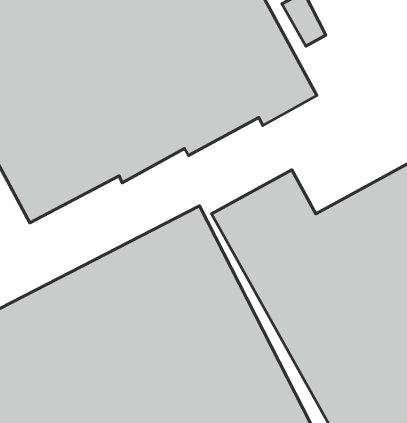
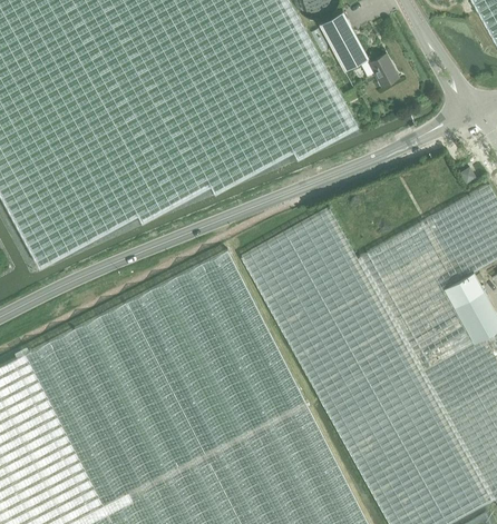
building: none -> [370,56,398,87]

